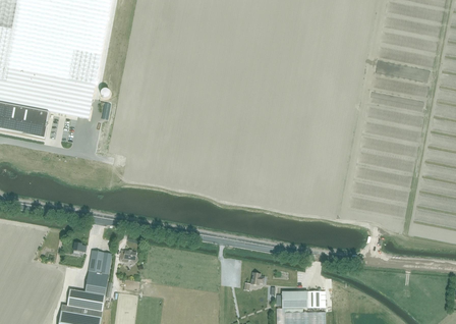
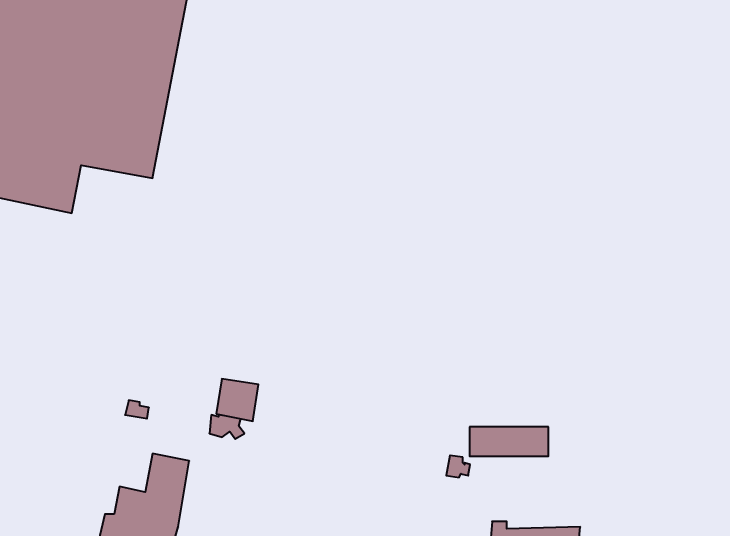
building: [89,251,112,274] -> [216,379,258,421]
building: [282,291,326,308] -> [470,427,548,456]

